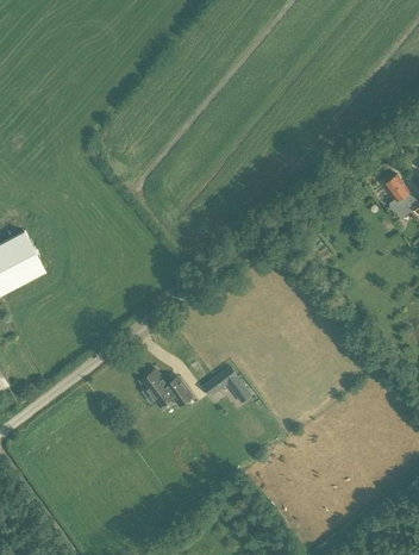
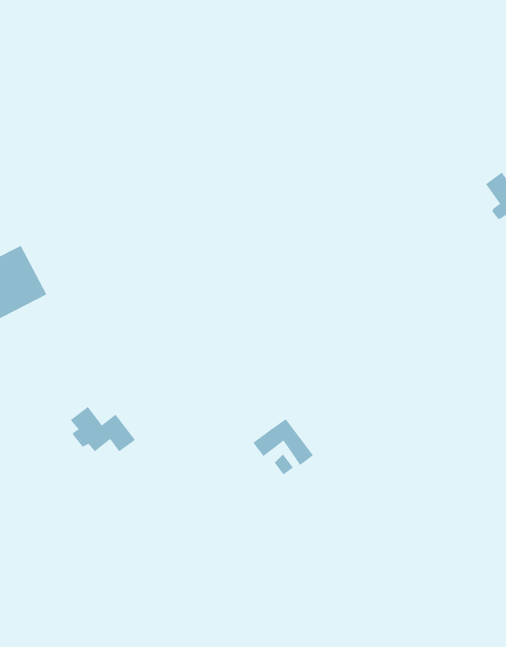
building: [142,370,193,406] -> [70,406,136,452]

